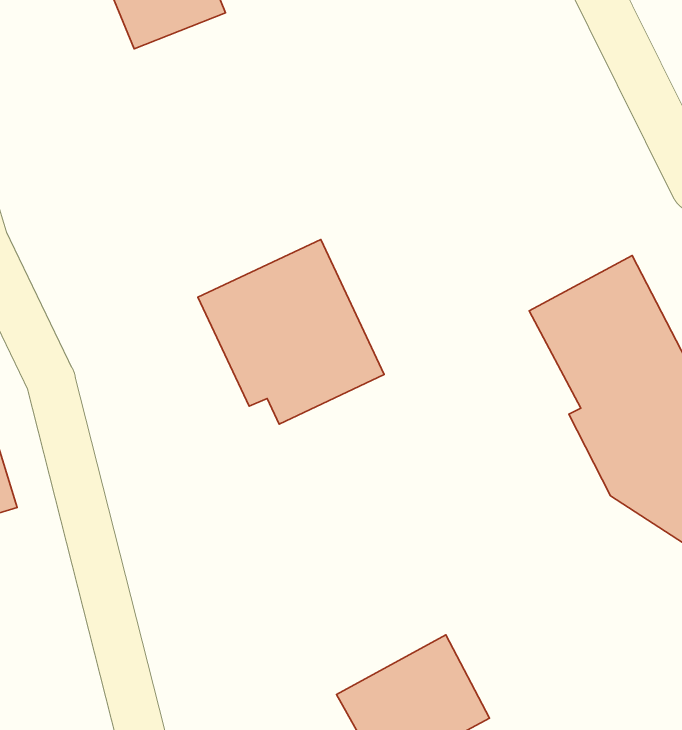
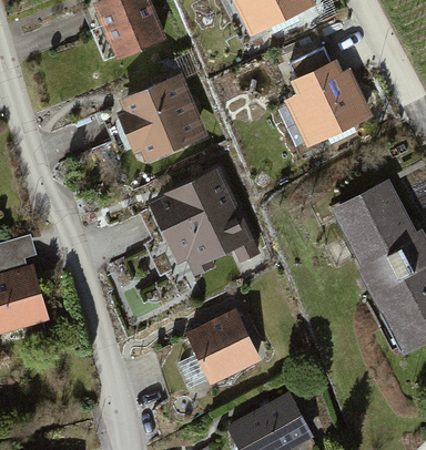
building: none -> [280,60,362,141]
building: none -> [115,73,204,164]
building: none -> [186,309,260,385]

